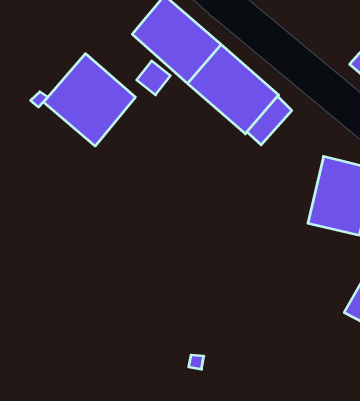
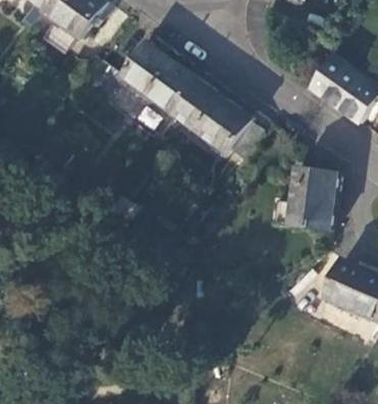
building: [43,54,135,146] -> none

